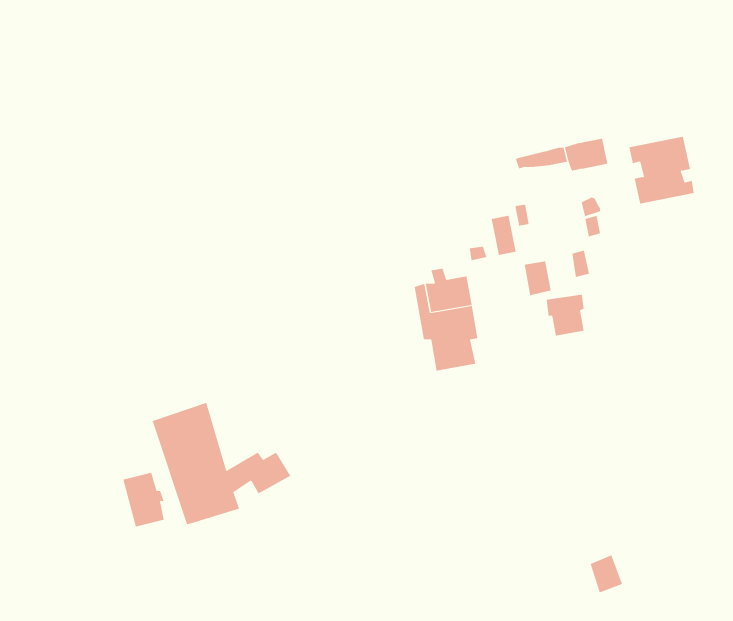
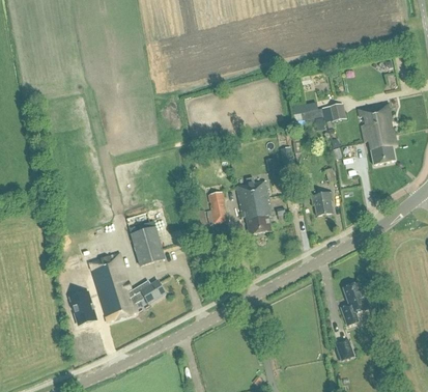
building: none -> [363,134,396,164]
building: none -> [205,191,227,223]
building: none -> [125,212,165,265]
building: none -> [340,282,369,325]

